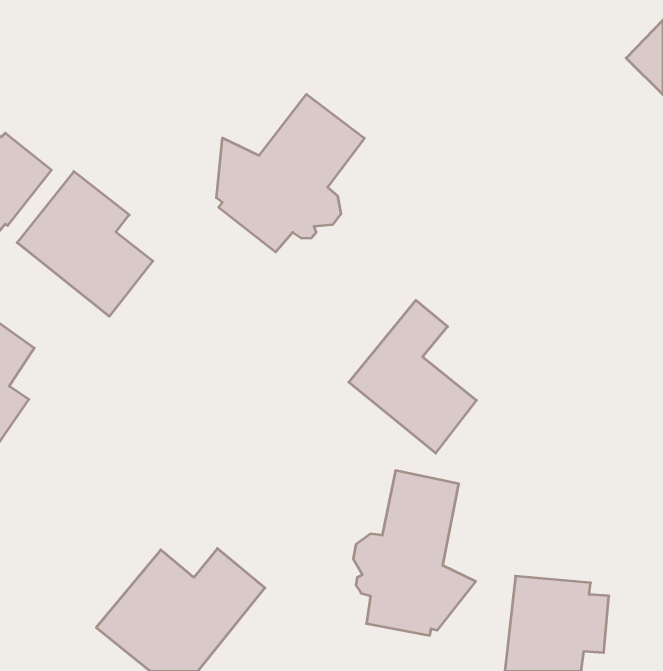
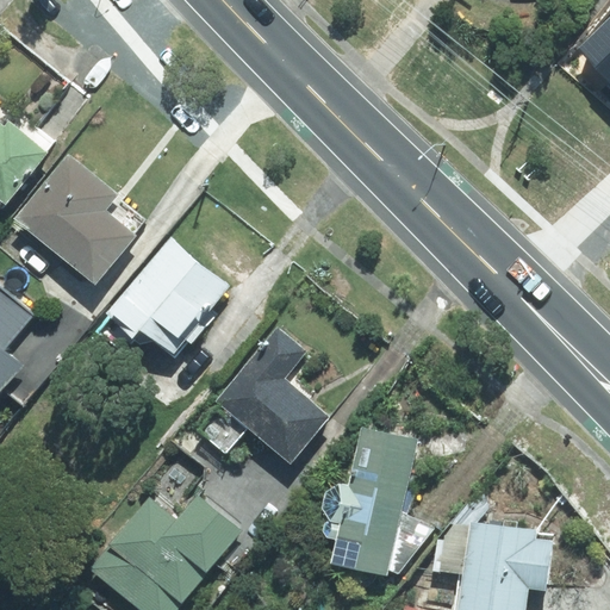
building: [216,94,364,252] -> none
building: none -> [108,237,231,357]
building: [349,300,477,453] -> [216,328,331,466]

